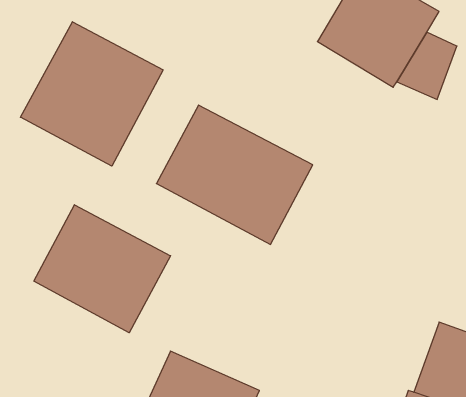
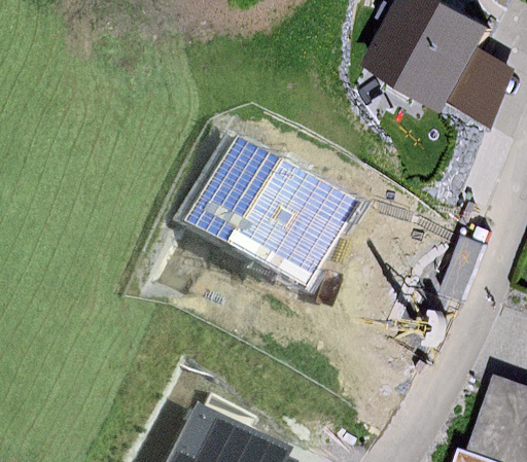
building: [20,22,163,166] -> none
building: [34,205,171,333] -> none

